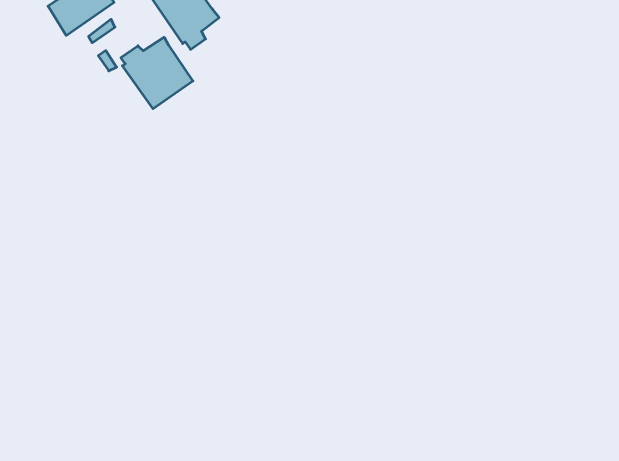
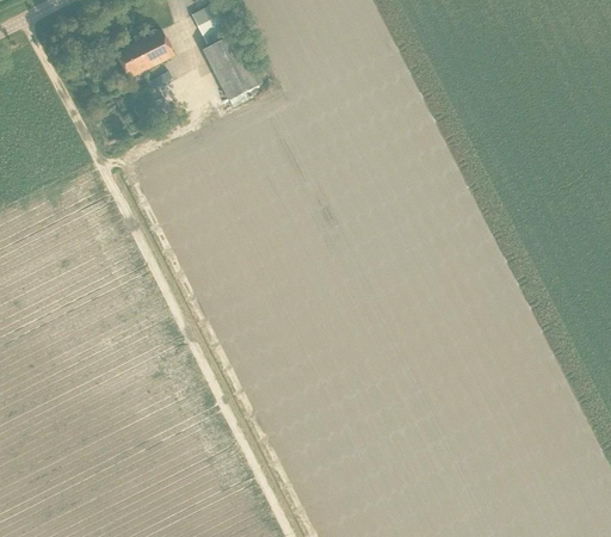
building: [121,37,193,109] -> none

